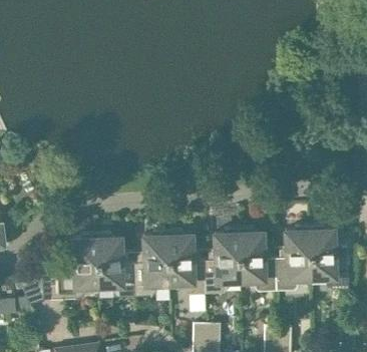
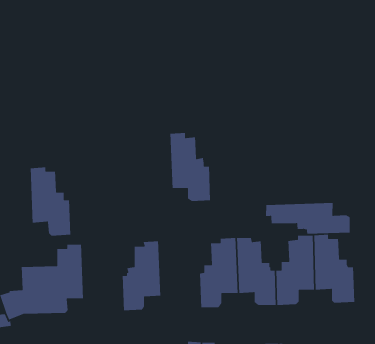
building: none -> [265,202,351,235]
building: [167,232,206,296] -> [170,132,211,202]
building: [96,235,134,299] -> [30,167,71,236]

